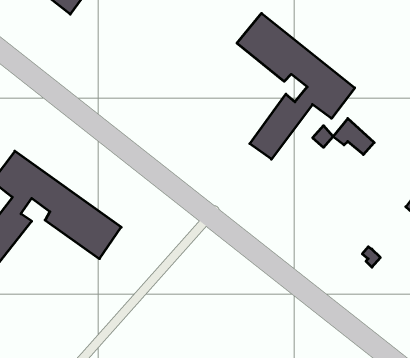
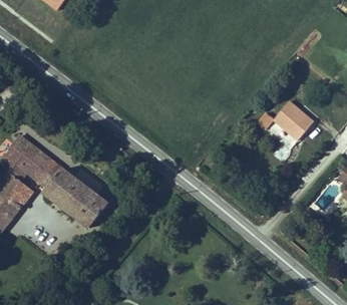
building: [237,13,355,159] -> none

